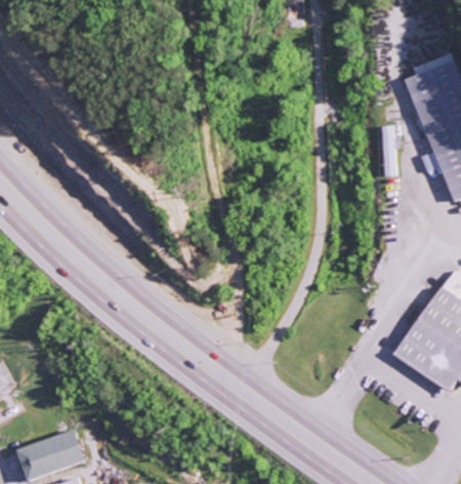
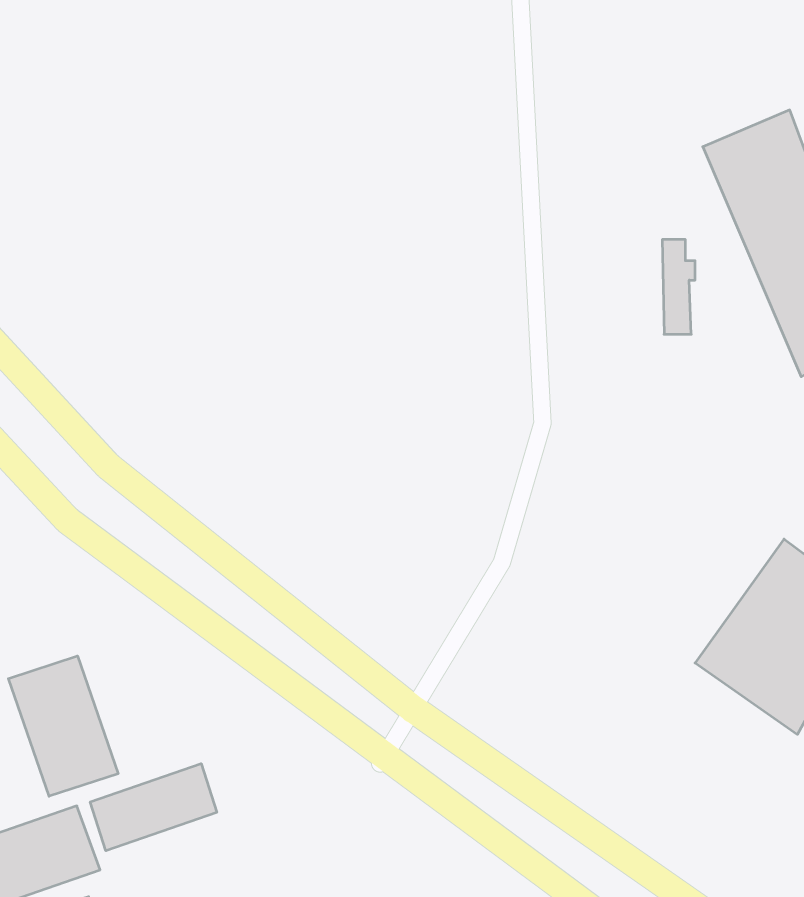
building: none -> [8,656,118,796]
building: none -> [90,764,217,851]

